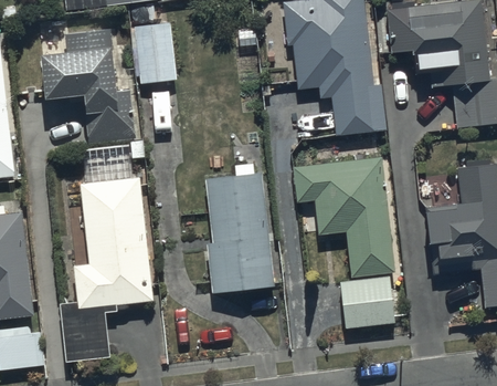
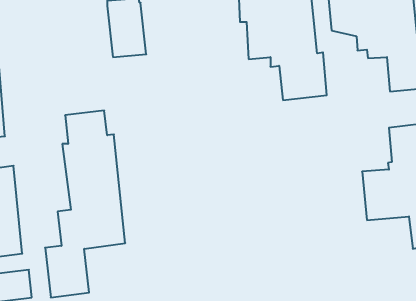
building: [43,30,135,142] -> none
building: [294,159,394,330] -> none
building: [201,164,273,296] -> none

